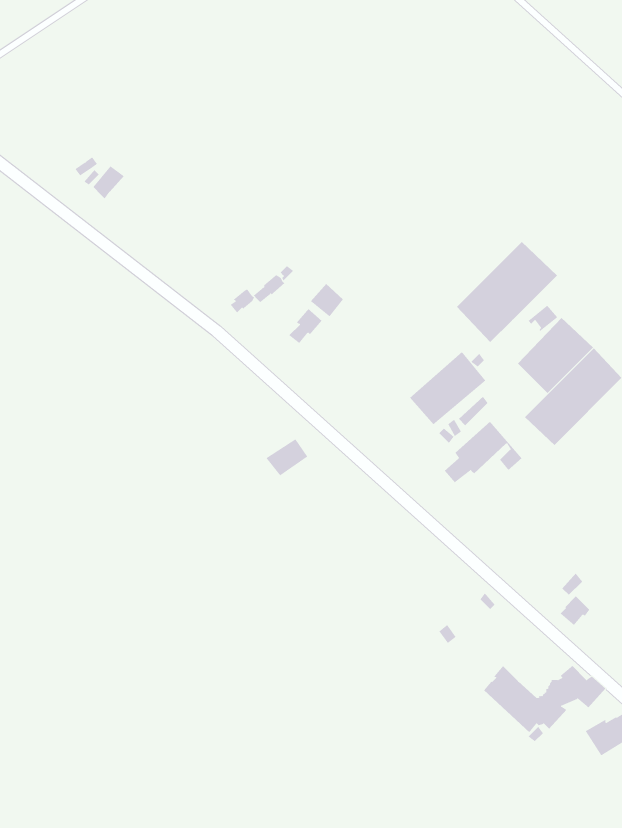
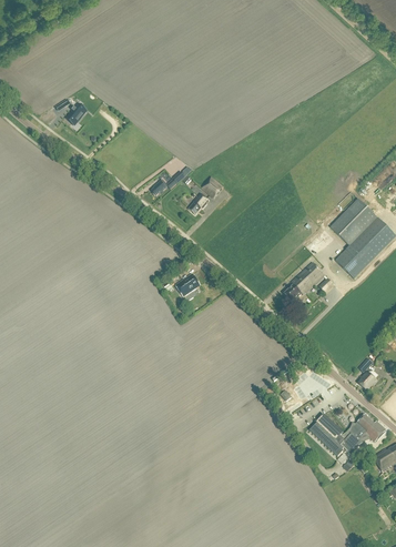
building: [456,241,558,343] -> none
building: [409,351,486,425] -> none

